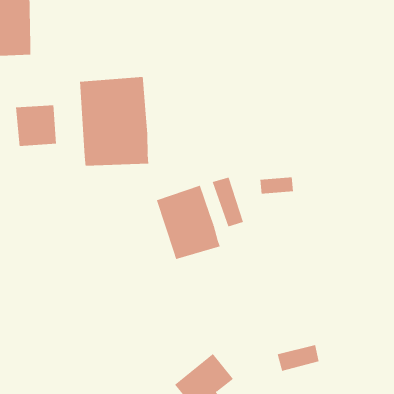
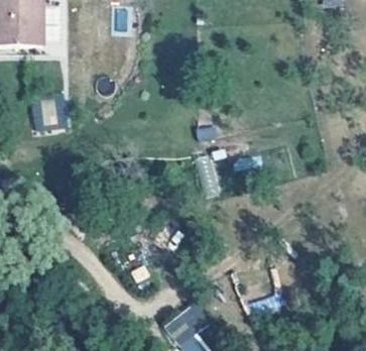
building: [80,76,149,166] -> none
building: [156,185,220,260] -> none

